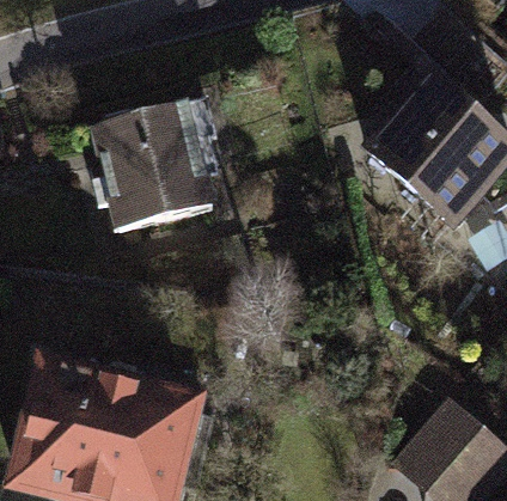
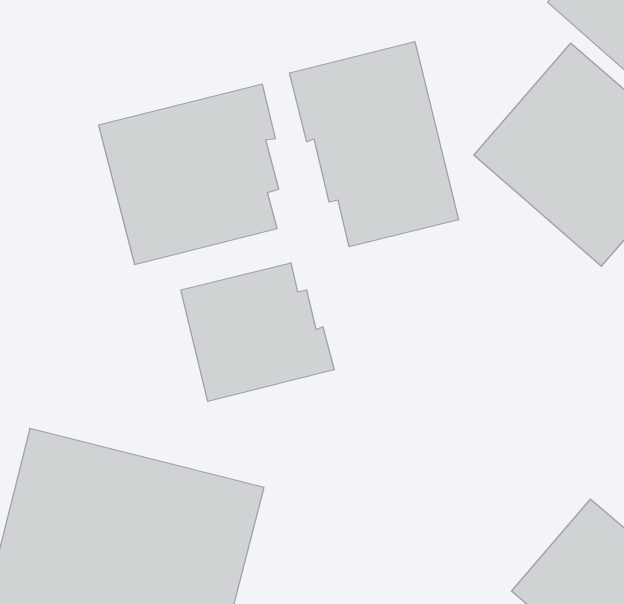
building: none -> [289,42,458,247]
building: none -> [181,263,334,402]

